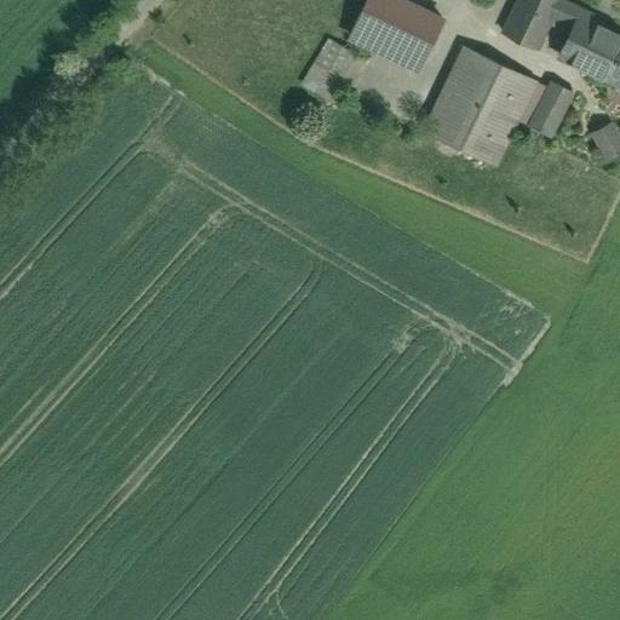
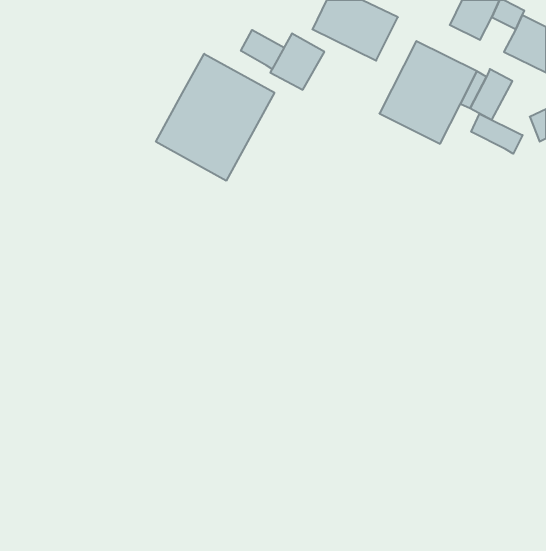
building: none -> [241,30,284,69]
building: none -> [156,54,274,181]
building: none -> [471,114,523,154]

